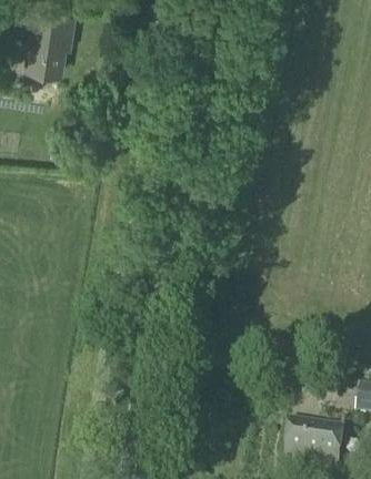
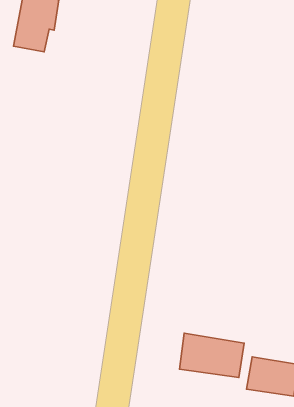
building: none -> [179,333,244,378]

